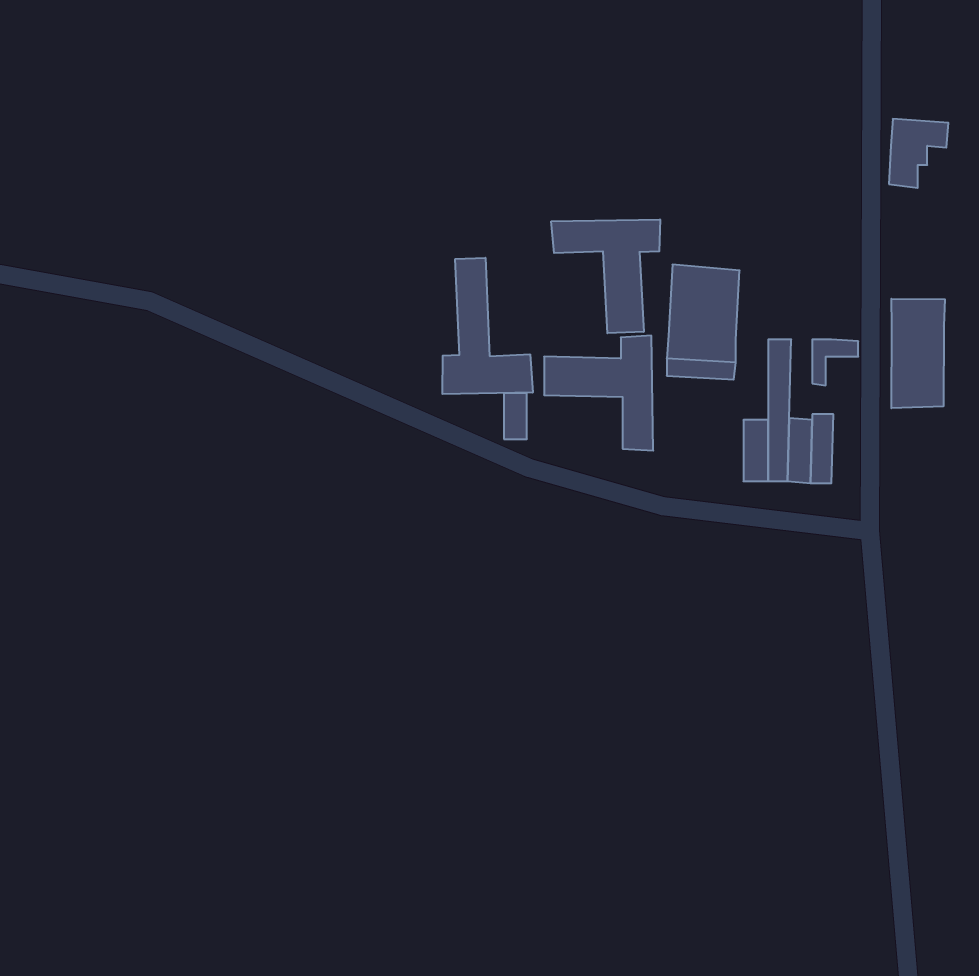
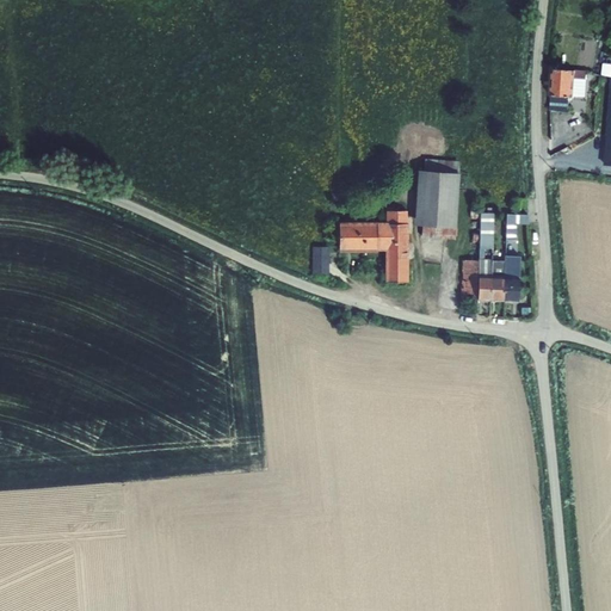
building: [551,219,660,333] -> none
building: [442,258,533,394] -> none
building: [891,299,945,408] -> none

